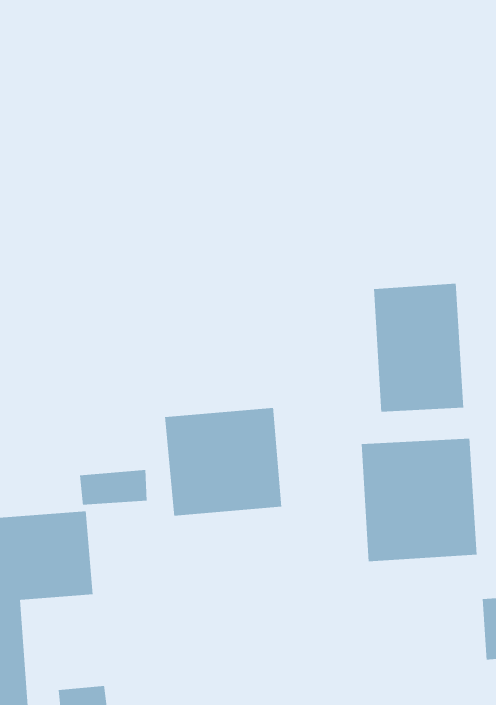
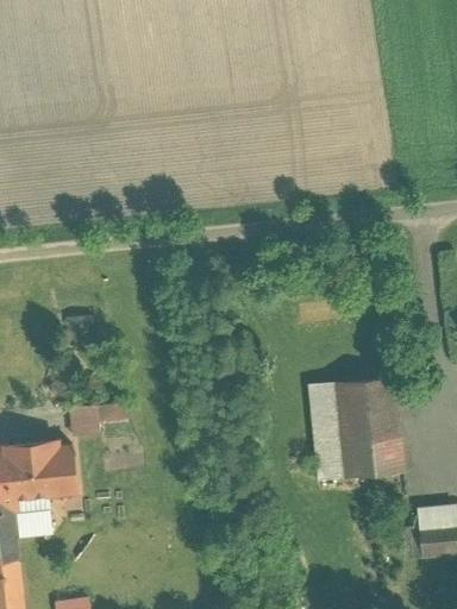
building: [374,283,464,413] -> none
building: [164,407,282,516] -> none

